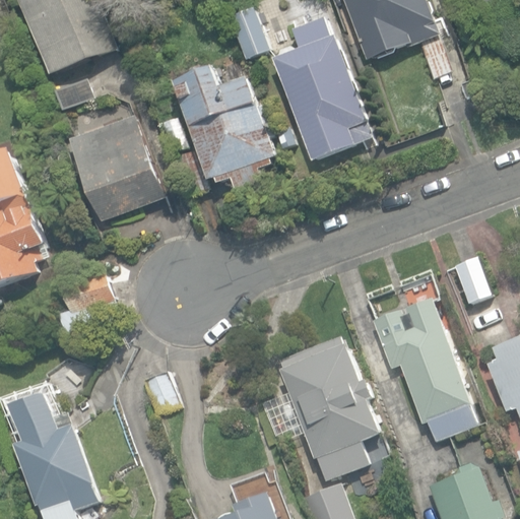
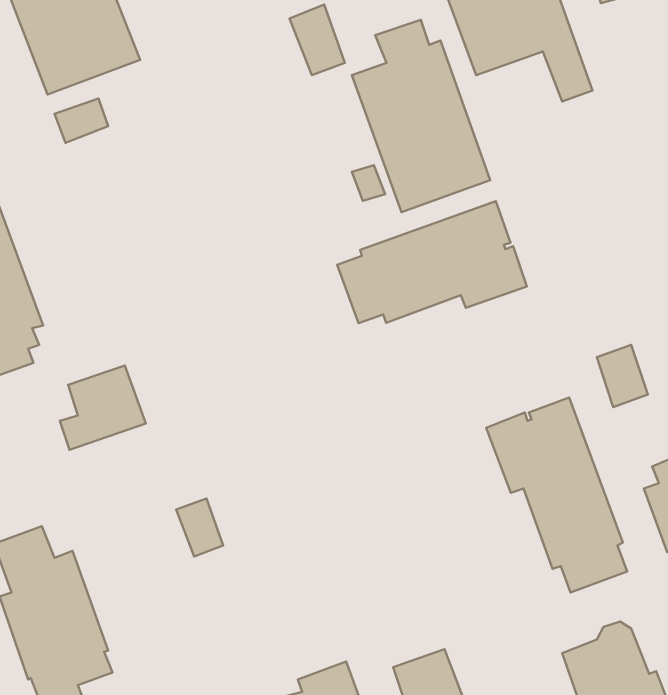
building: [171,68,273,195] -> none
building: [70,114,165,220] -> none
building: none -> [337,201,527,323]
building: [259,339,379,480] -> none

